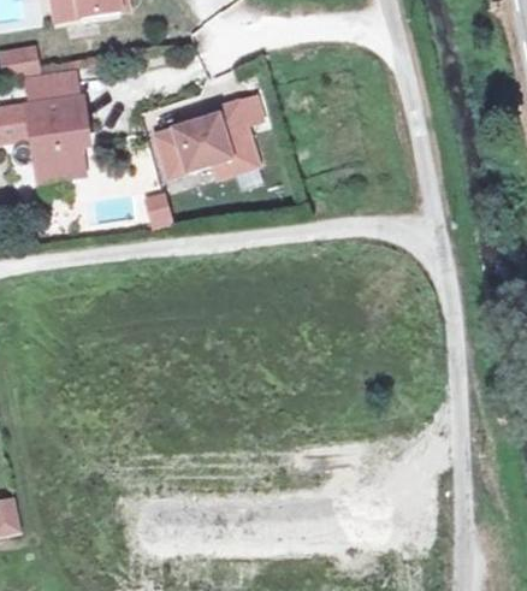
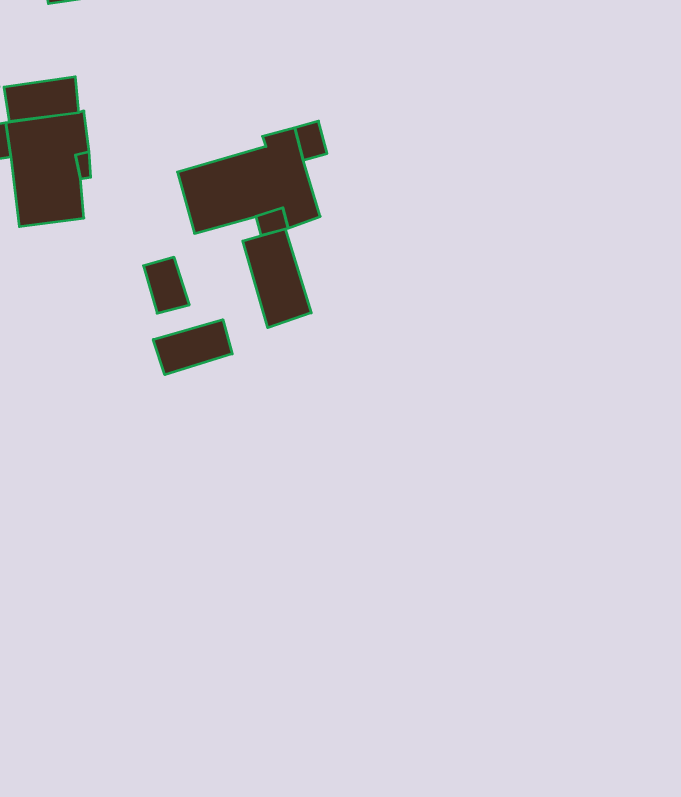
building: none -> [243,229,311,328]
building: none -> [153,320,232,375]

